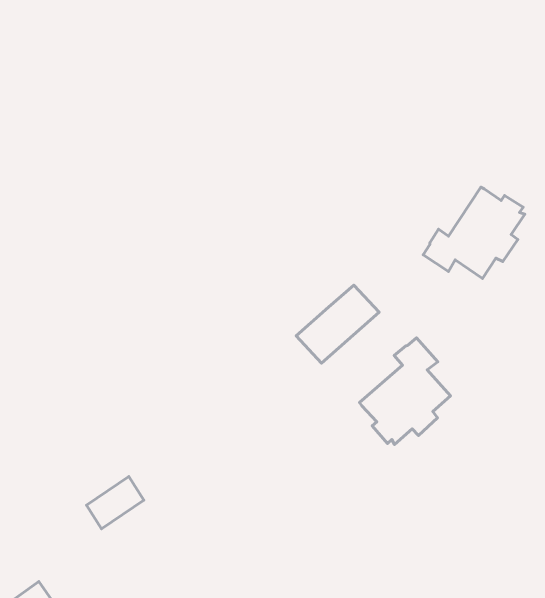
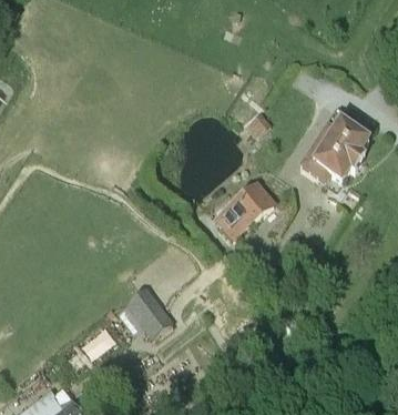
building: [360,338,451,445] -> none
building: none -> [121,280,169,331]

